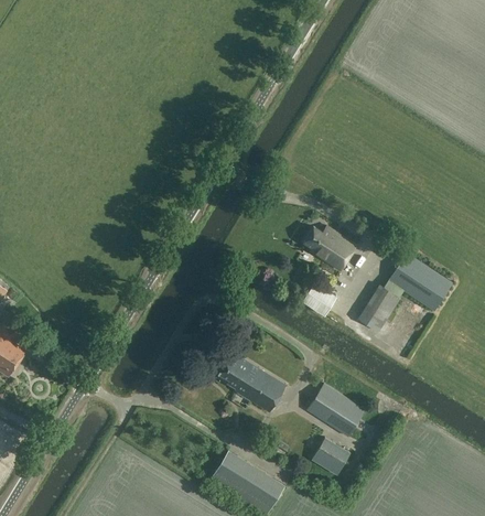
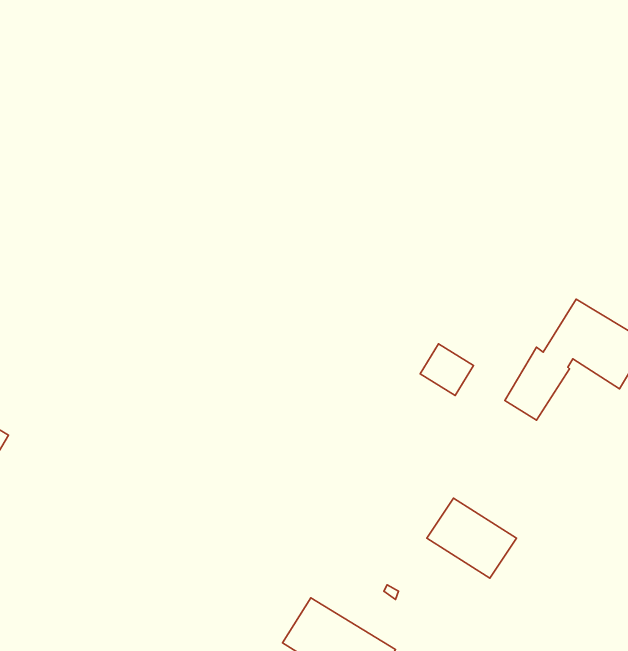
building: [303,225,357,269] -> none
building: [219,355,285,411] -> none
building: [312,437,351,474] -> none

